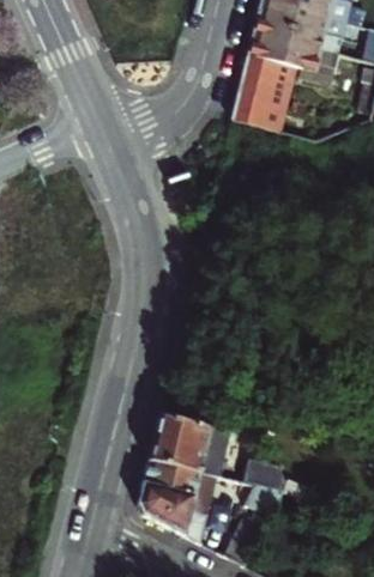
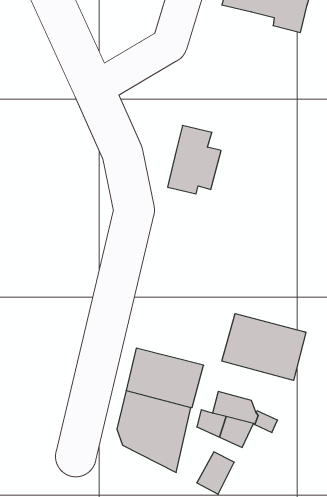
building: [236,56,292,128] -> [168,126,221,194]
building: none -> [222,314,306,380]

